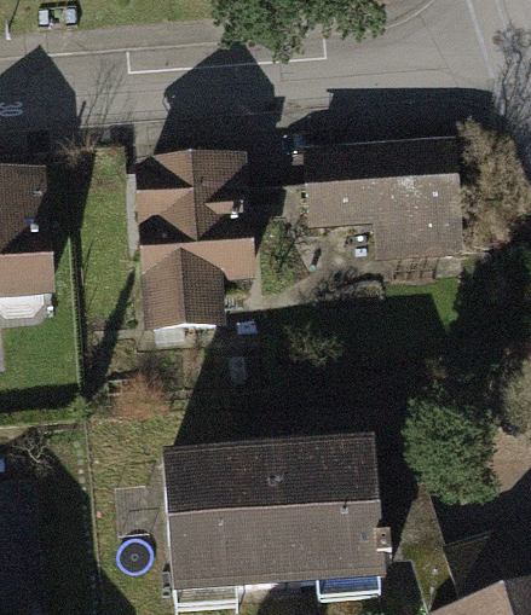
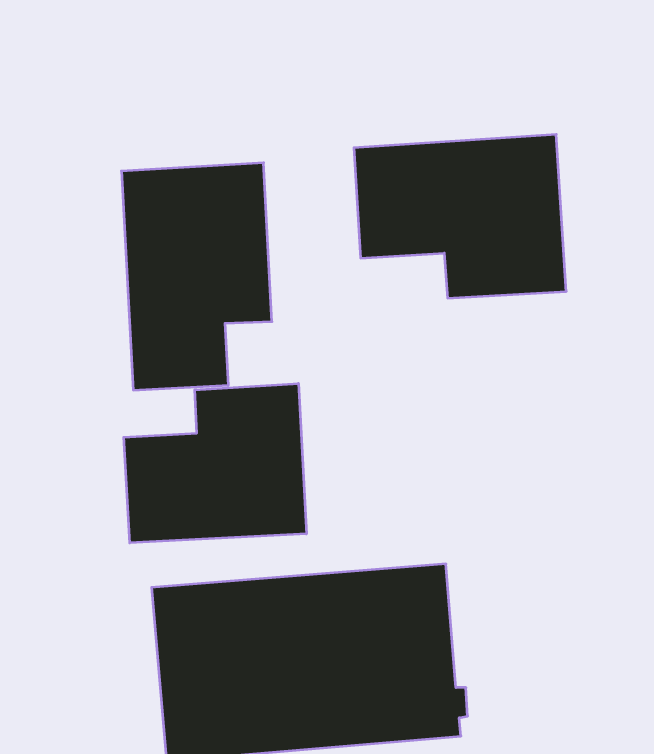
building: none -> [124,383,306,543]

